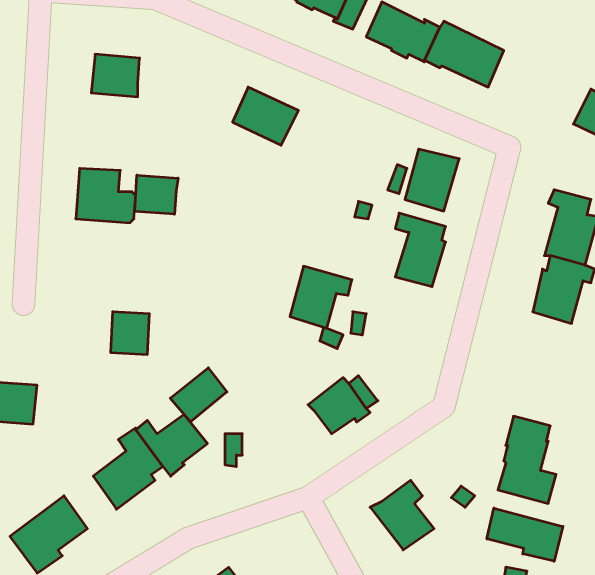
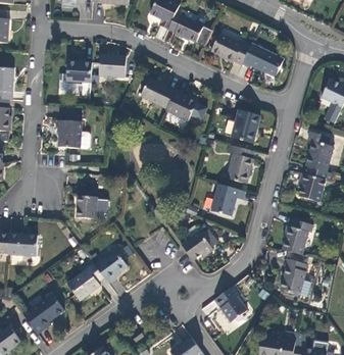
building: none -> [99,54,127,78]
building: none -> [165,90,207,120]
building: [135,175,178,214] -> none
building: [290,266,352,328] -> [211,184,244,216]
building: none -> [282,219,312,254]
building: [170,368,227,422] -> none
building: [487,508,563,561] -> none

